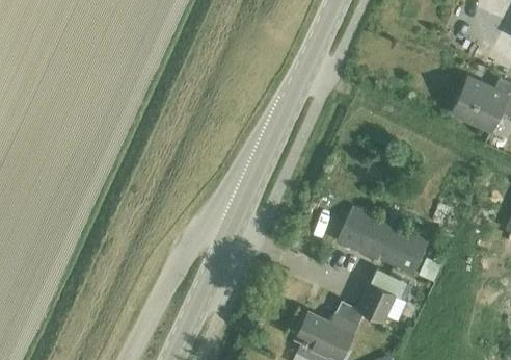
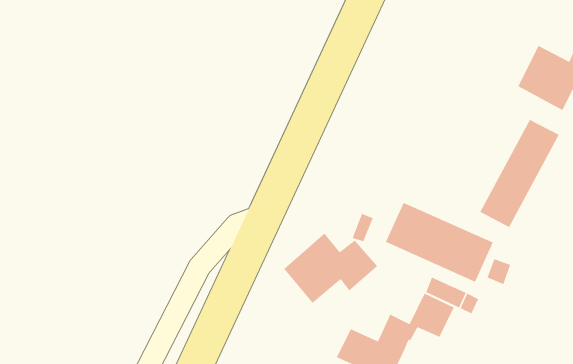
building: none -> [479,119,560,228]
building: none -> [283,232,378,304]

